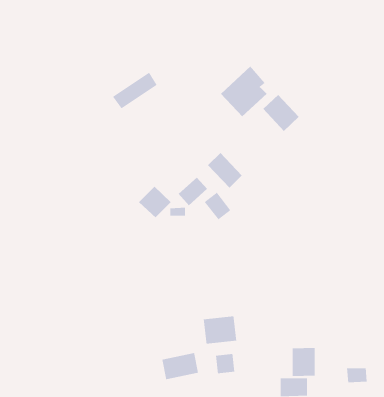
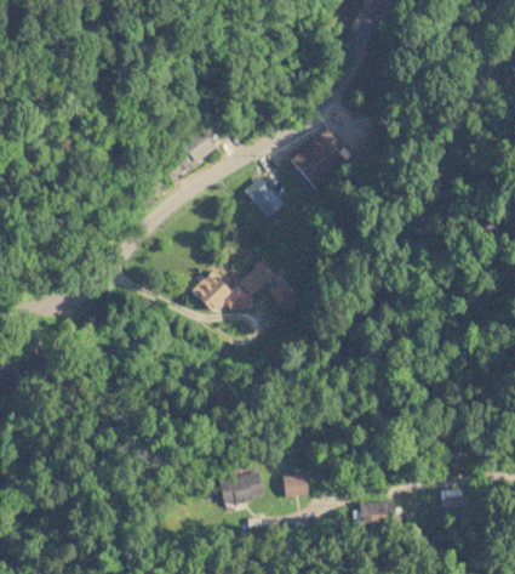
building: [263,94,299,132] -> none
building: [207,152,243,189] -> [244,176,286,220]
building: [203,315,237,344] -> none
building: [292,347,315,377] -> none

